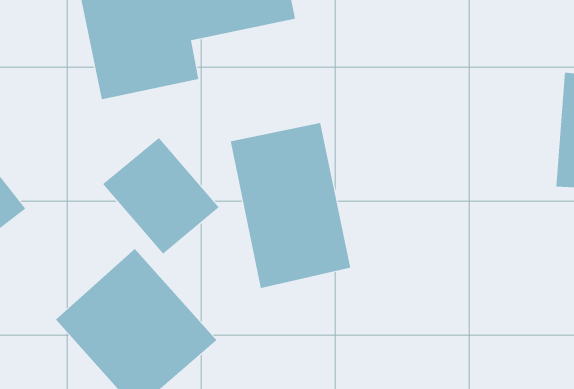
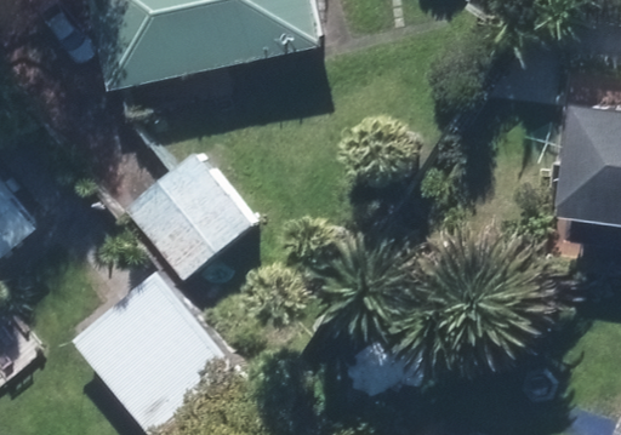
building: [230,122,351,289] -> none

